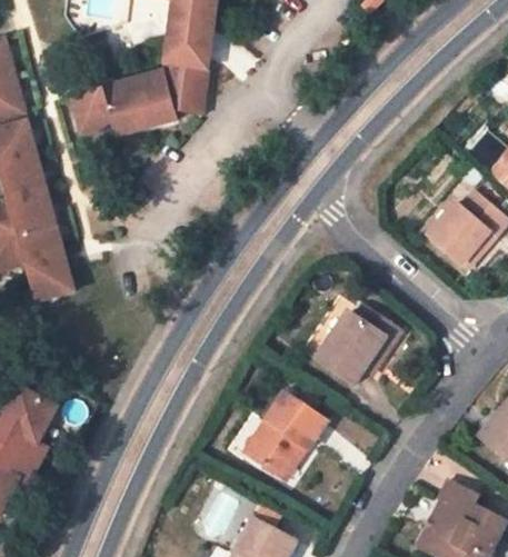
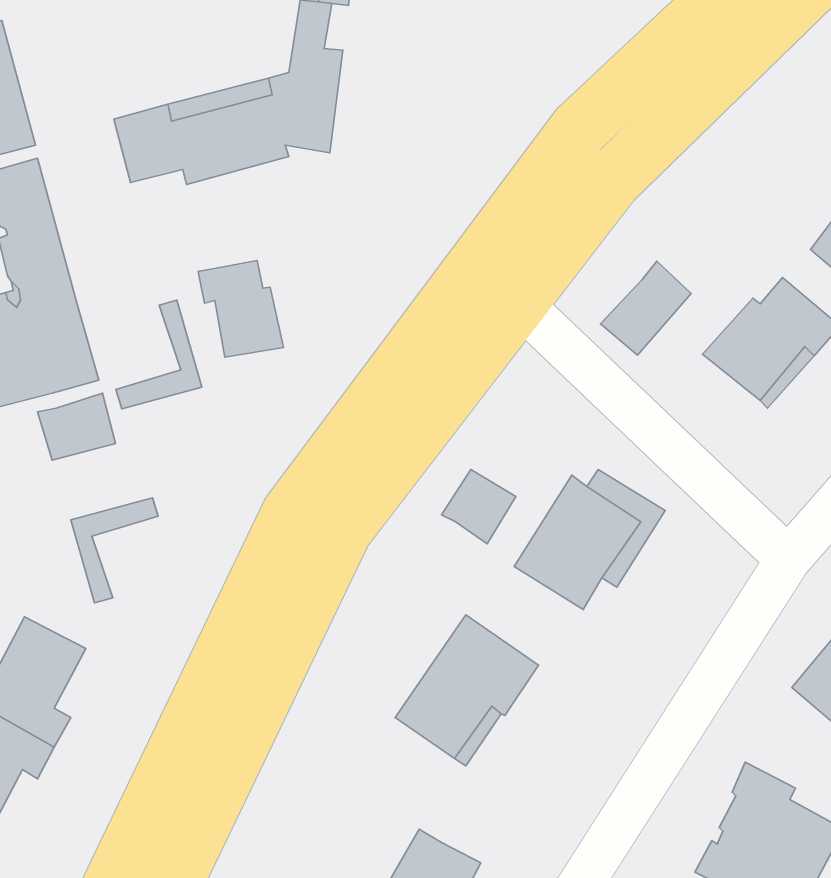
building: none -> [198,260,283,357]
building: none -> [601,261,691,355]
building: none -> [116,300,202,409]
building: none -> [441,470,516,544]
building: none -> [71,498,158,603]

